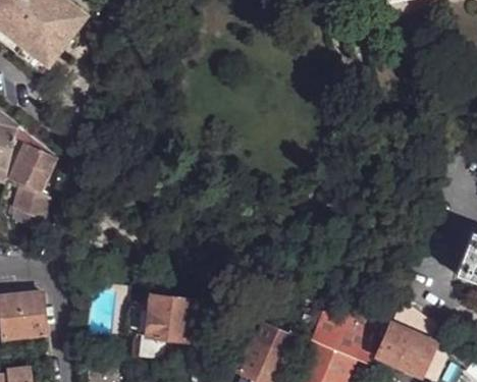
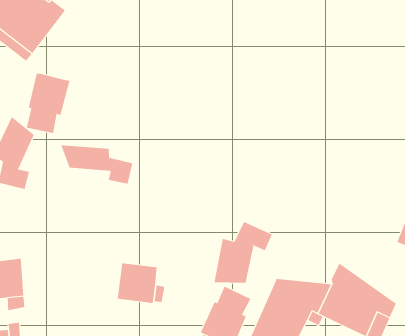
building: none -> [26,73,70,134]
building: none -> [60,145,133,185]
building: none -> [214,221,272,283]

